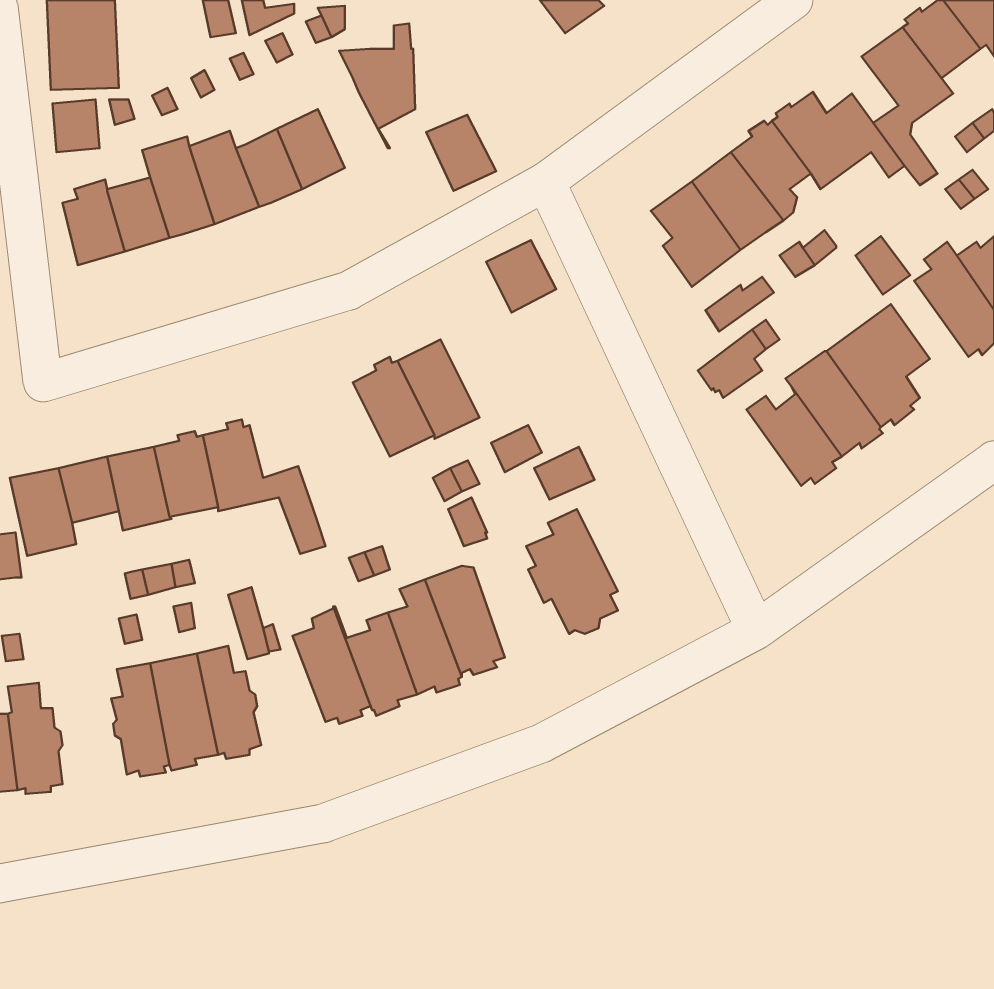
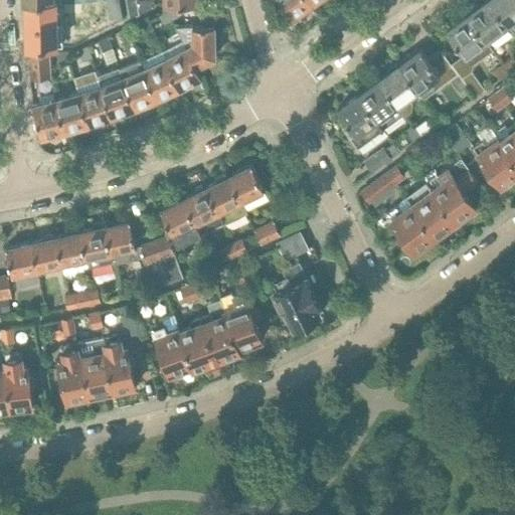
building: [426,115,496,191] -> [164,51,200,91]
building: [486,240,556,312] -> [227,168,264,205]
building: none -> [154,200,201,286]

